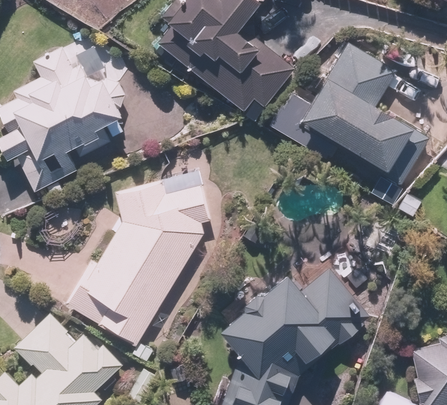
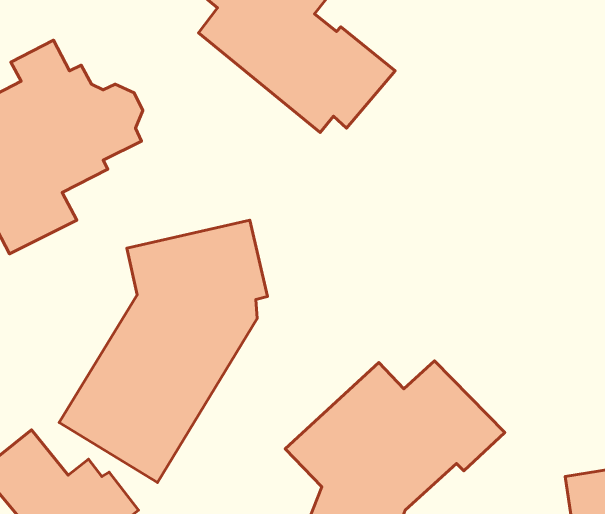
building: [299,42,417,178] -> none

